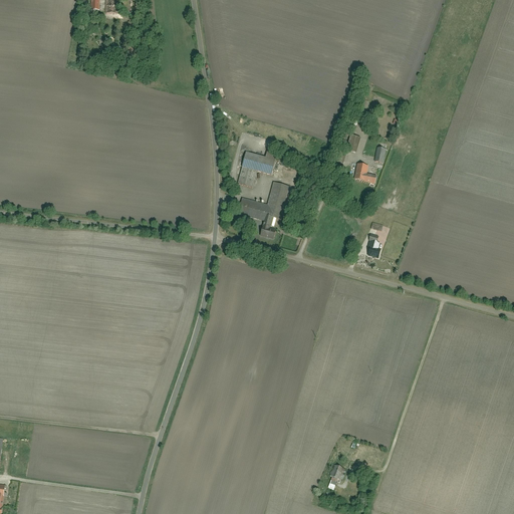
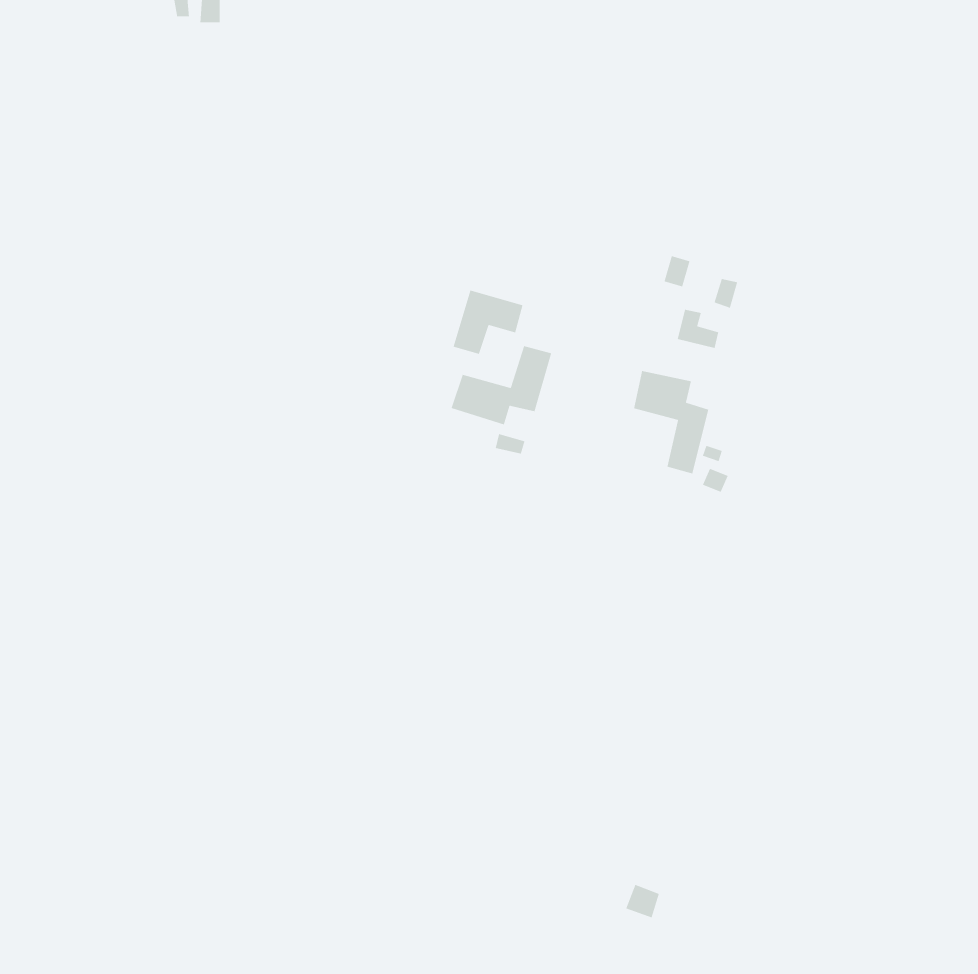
building: none -> [633,370,709,475]

